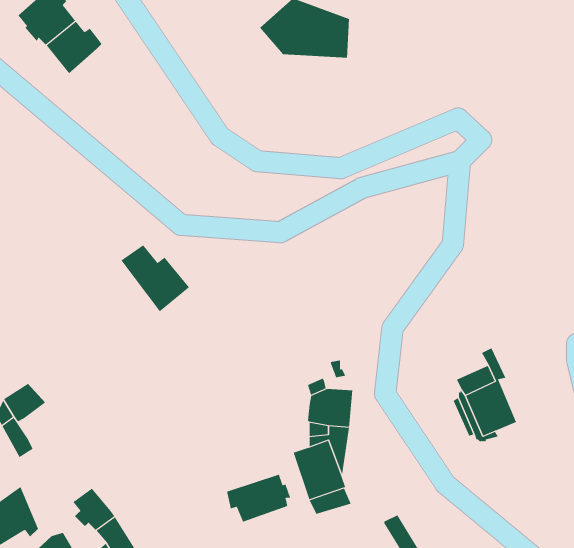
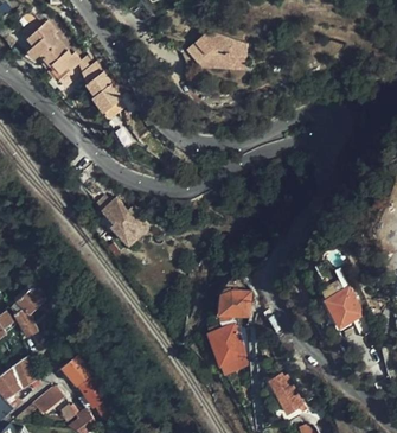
building: none -> [82,65,121,113]
building: [226,474,291,523] -> none

